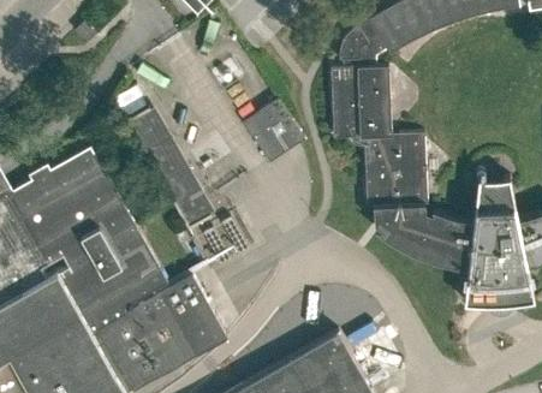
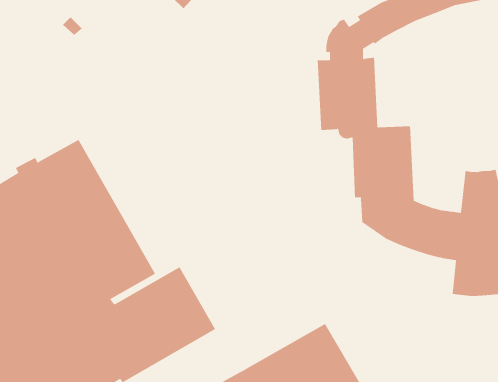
building: [243,102,304,166] -> none
building: [125,109,212,233] -> none

